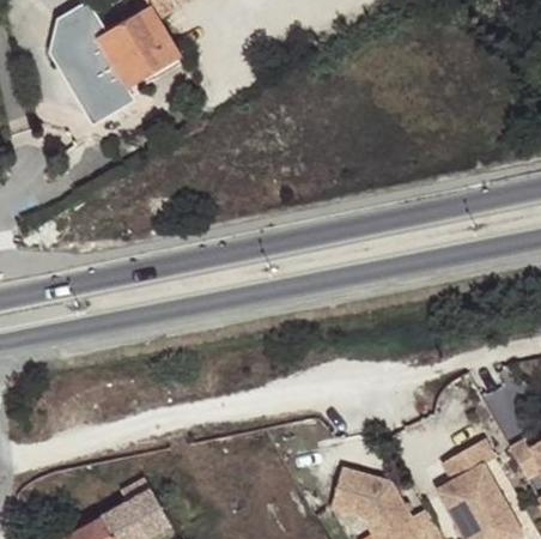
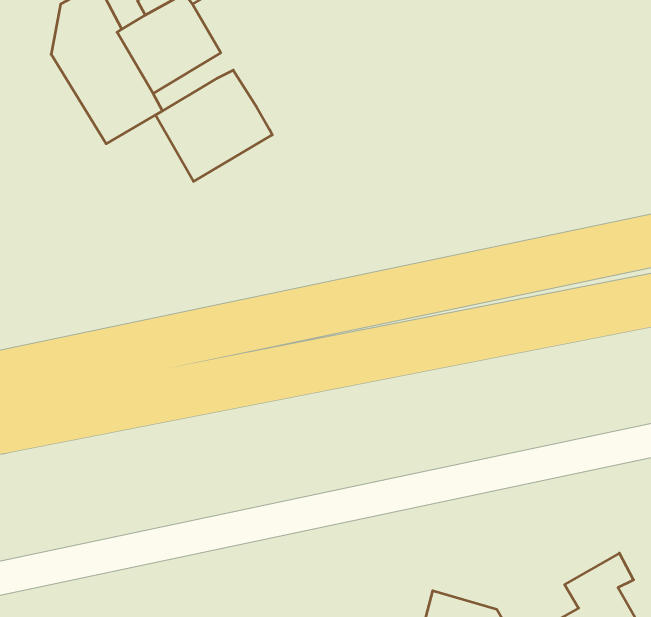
building: none -> [155,70,272,181]

